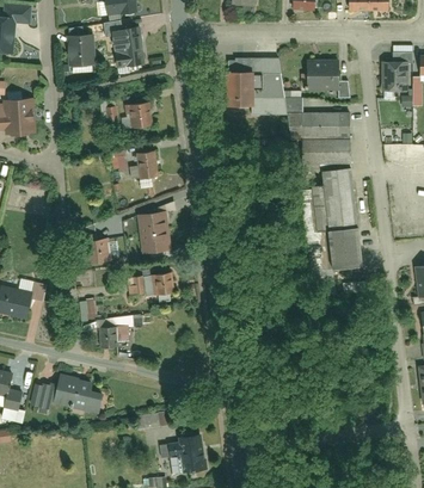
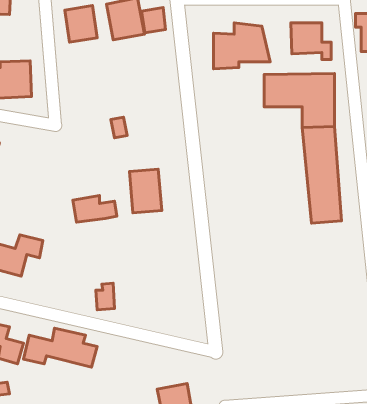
building: [125,101,150,128] -> [141,8,166,33]
building: [133,147,158,178] -> none
building: [125,270,172,303] -> none

